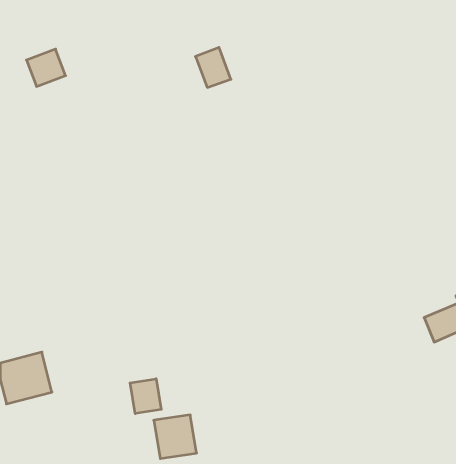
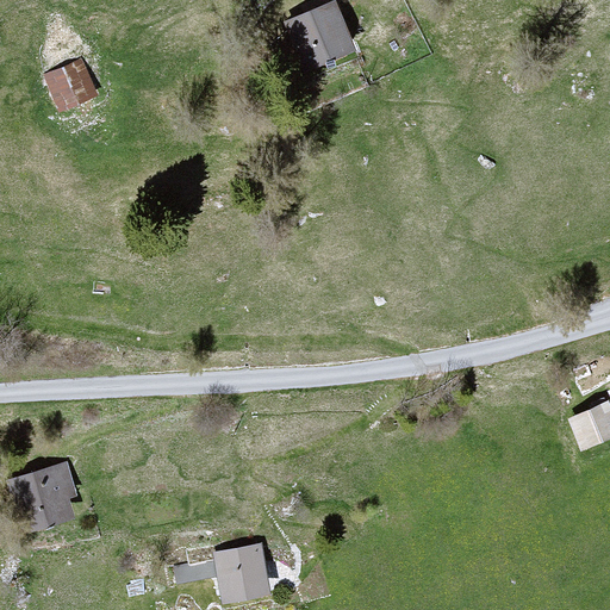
building: [195,47,231,87] -> [304,6,350,58]
building: [130,379,161,414] -> none

